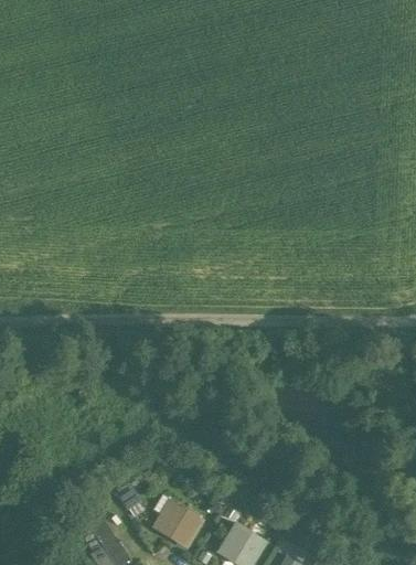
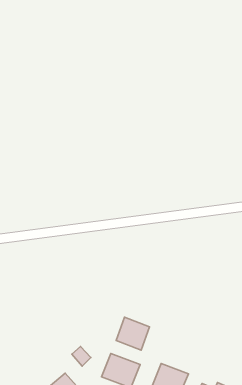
building: none -> [116,317,149,350]

